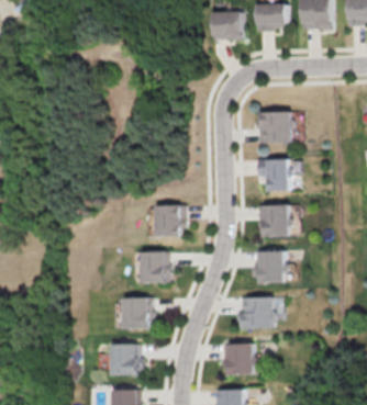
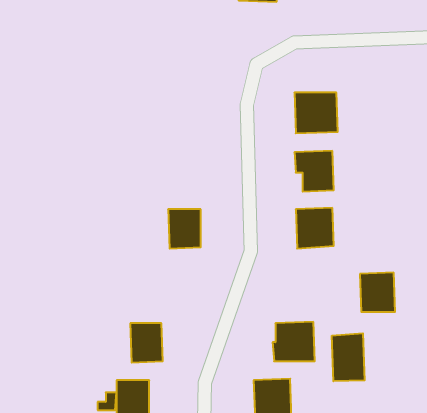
building: [142,250,167,283] -> none
building: [256,250,285,282] -> [360,273,395,312]
building: none -> [332,333,365,381]

